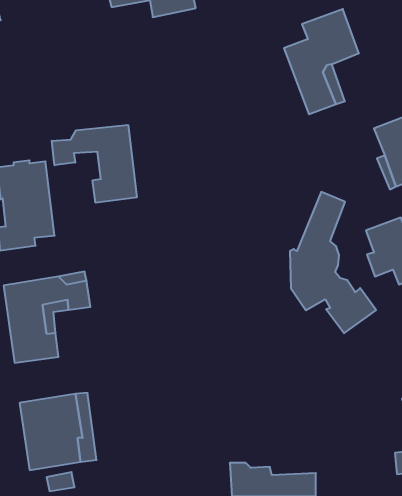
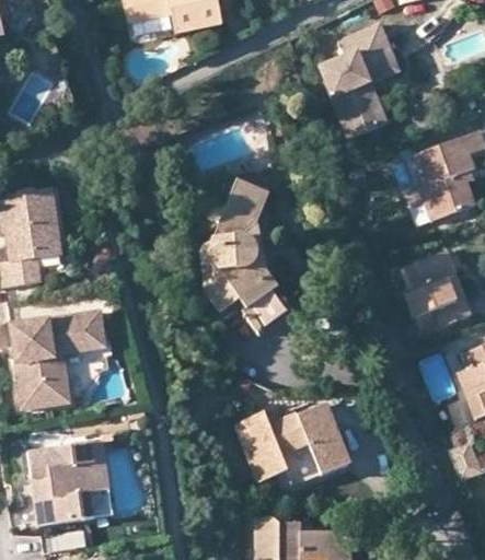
building: [52,125,137,203] -> none
building: [290,192,376,333] -> [203,178,297,332]
building: none -> [224,404,337,487]

